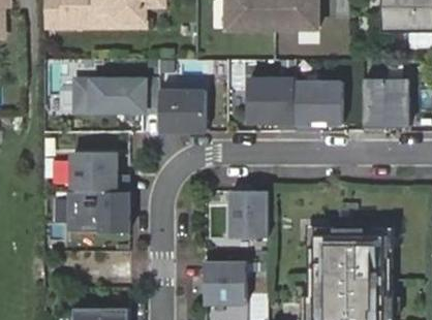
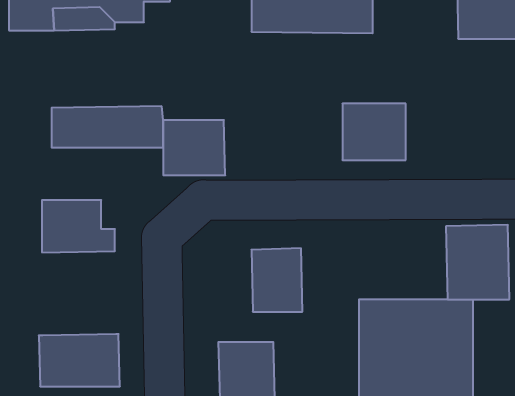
building: [362,77,409,133] -> [446,225,509,299]
building: [244,78,291,127] -> none
building: [67,192,128,231] -> [39,334,120,386]

